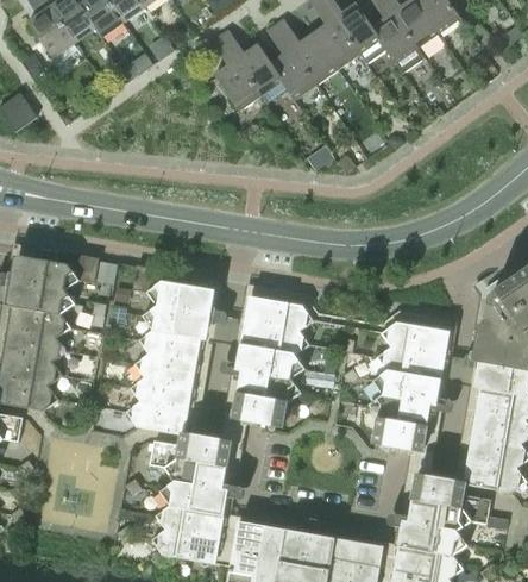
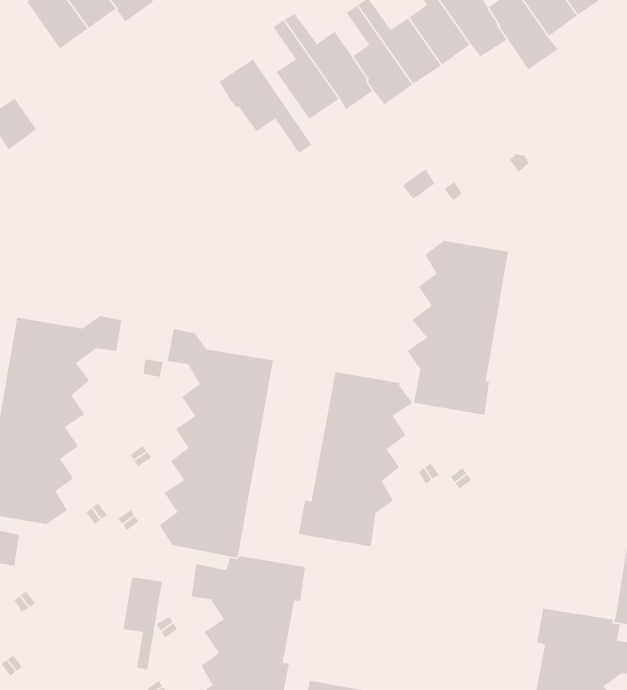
building: none -> [218,58,312,154]
building: [367,320,444,451] -> [407,240,509,416]
building: none -> [122,576,163,670]

